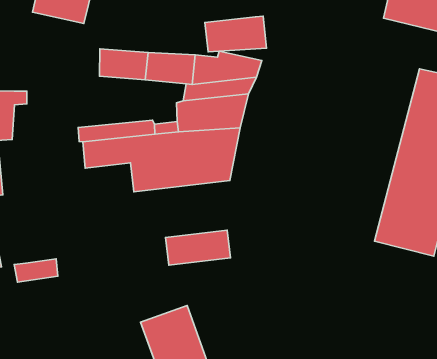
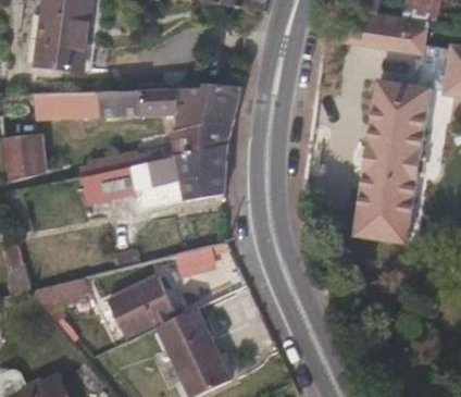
building: [205,16,267,52] -> none
building: none -> [33,91,100,120]
building: none -> [102,273,174,337]

